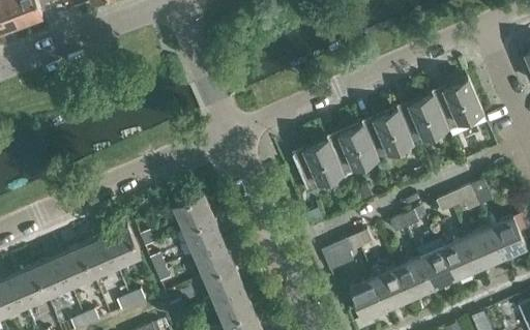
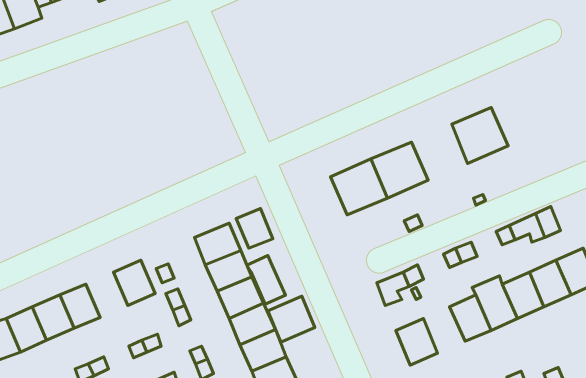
building: [432,79,482,127] -> none
building: [362,109,411,157] -> none
building: none -> [236,209,273,248]
building: none -> [247,256,286,304]
building: [80,237,116,276] -> none
building: none -> [268,296,315,342]
building: [372,267,409,307] -> none

